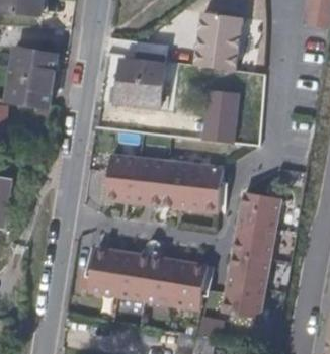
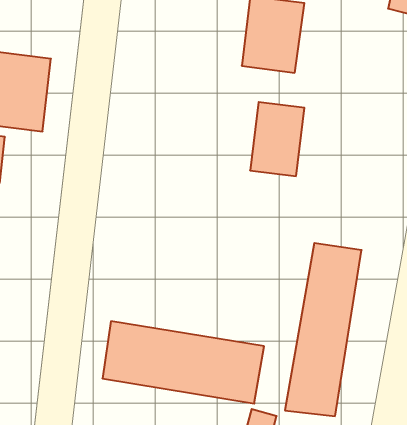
building: [116,57,168,105] -> none
building: [116,155,229,213] -> none

